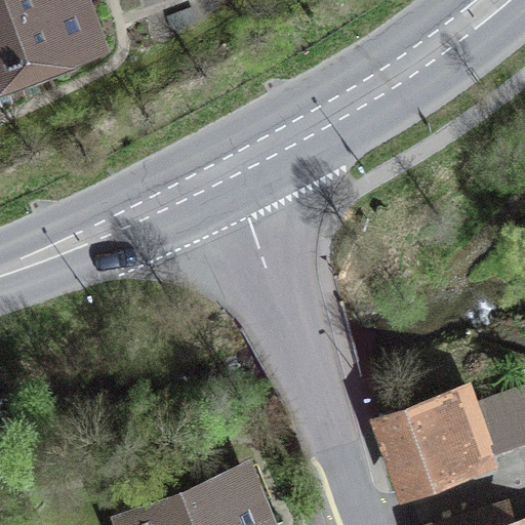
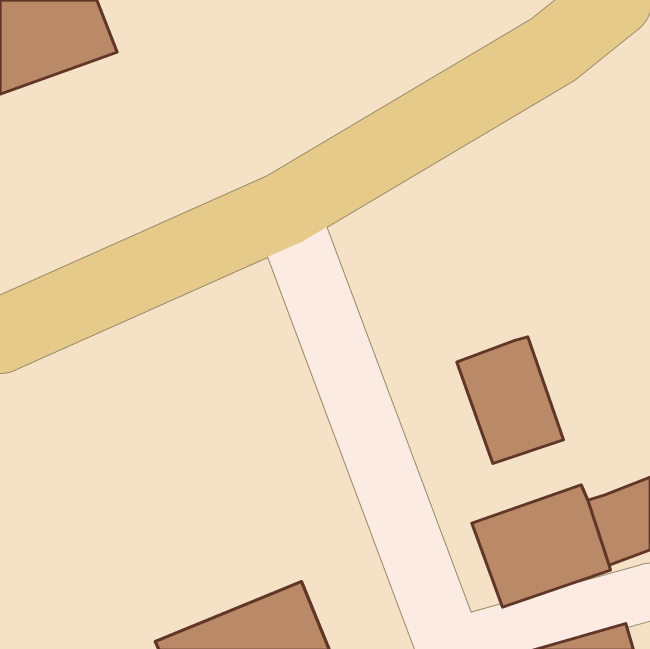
building: none -> [457,337,564,464]

